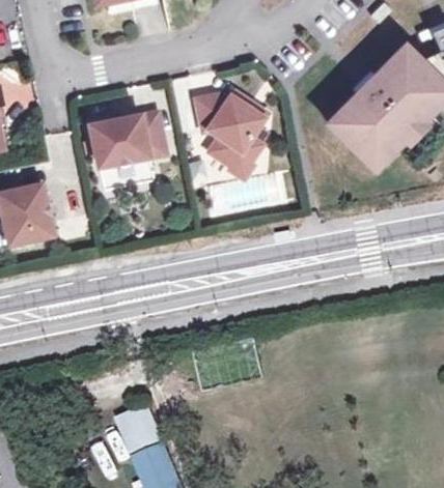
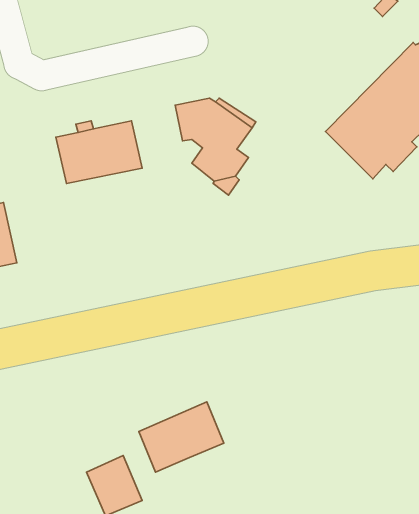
building: none -> [139,402,224,472]

